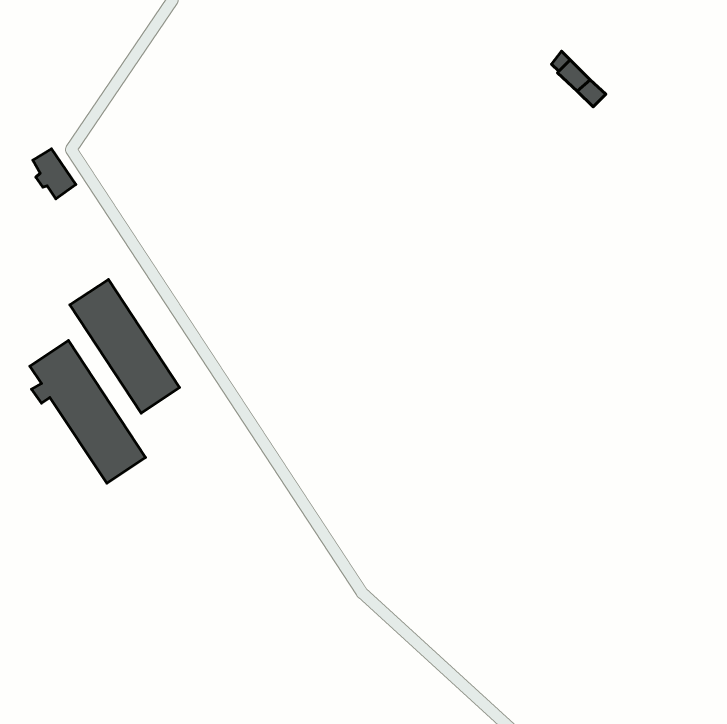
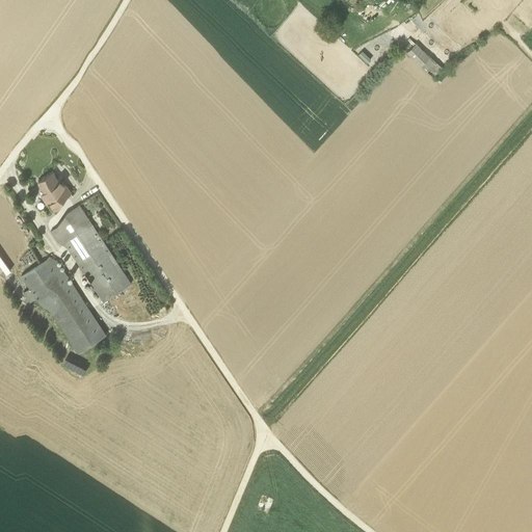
building: [33,149,76,199] -> [41,168,72,205]

